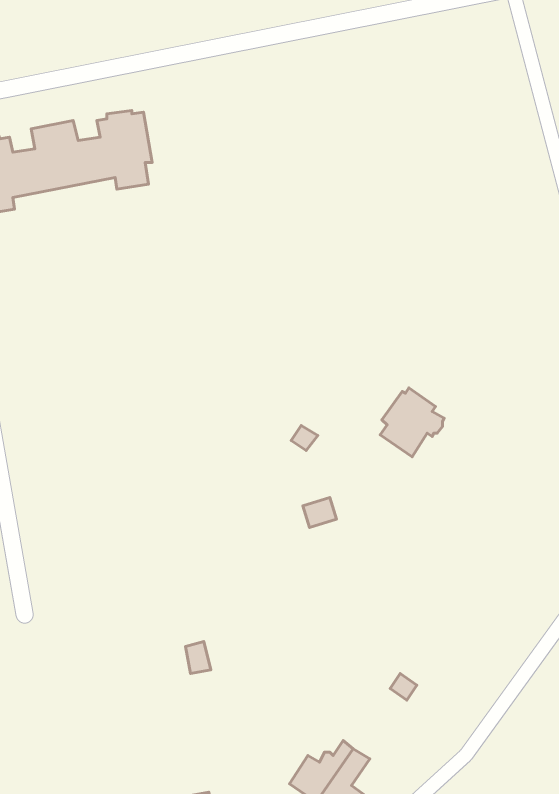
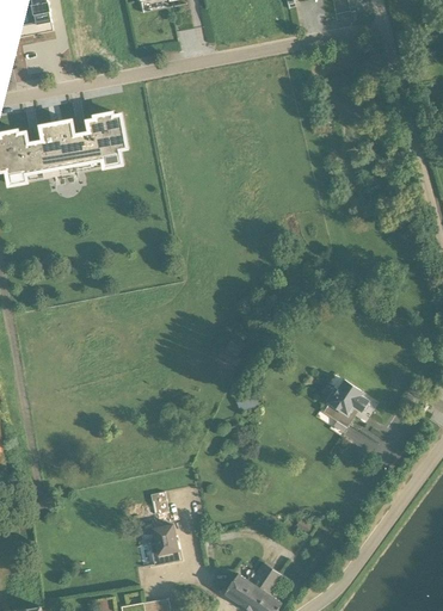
building: [380,388,444,457] -> [322,378,368,427]
building: none -> [149,524,178,564]

